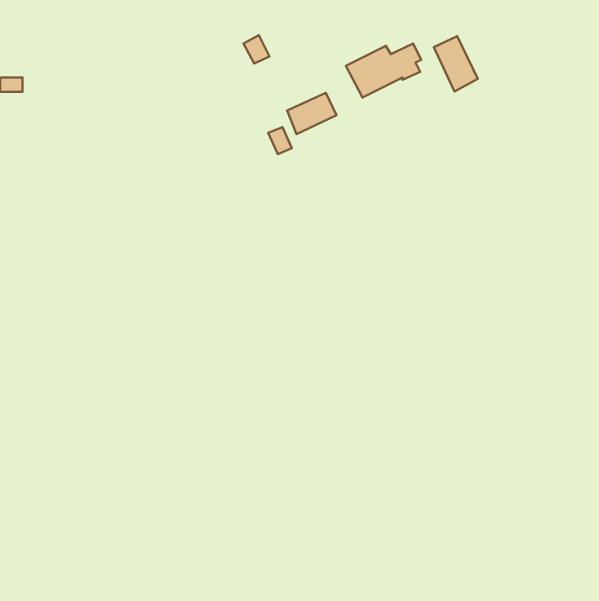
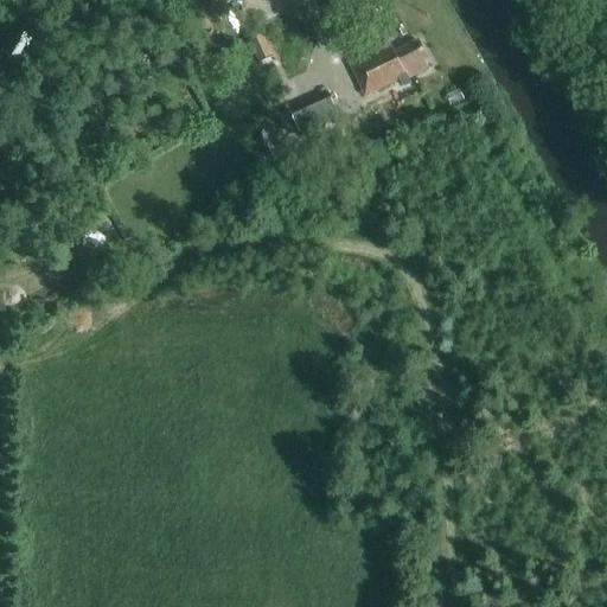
building: [434,36,478,91] -> none

